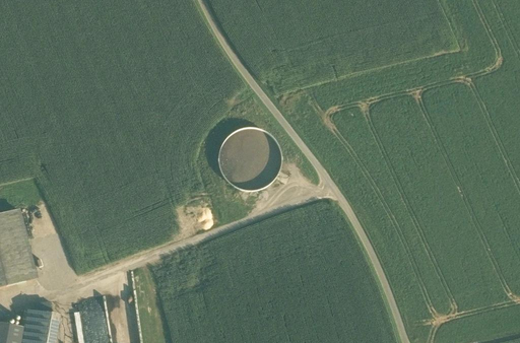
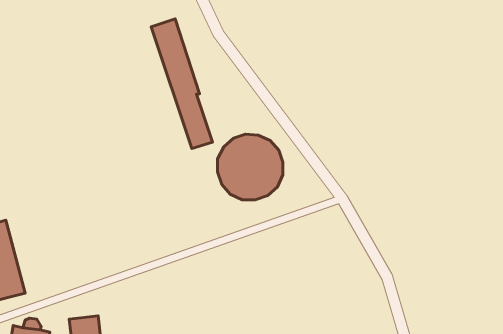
building: none -> [151,19,212,149]

